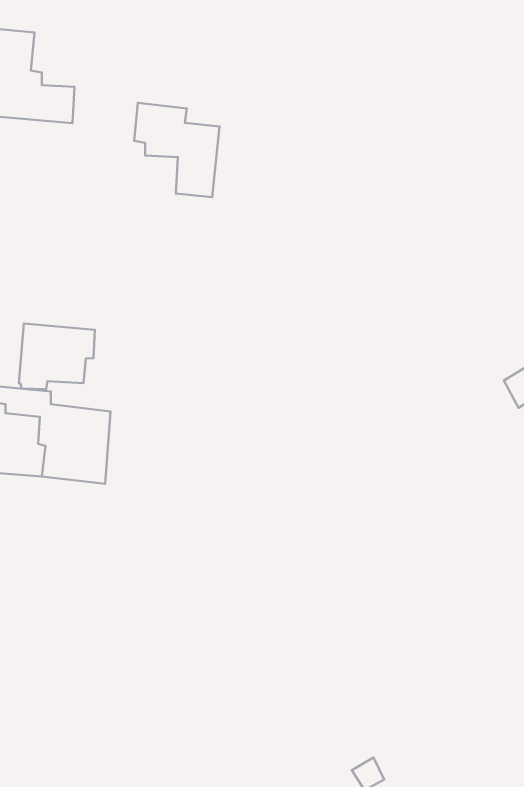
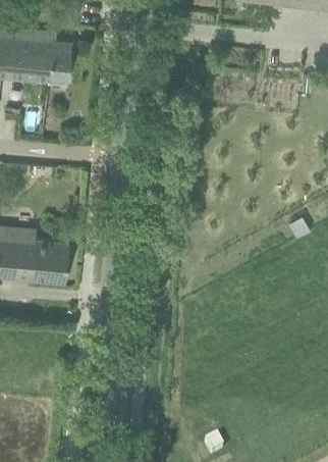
building: [134,103,219,197] -> [23,29,71,82]
building: [19,324,95,389] -> none

